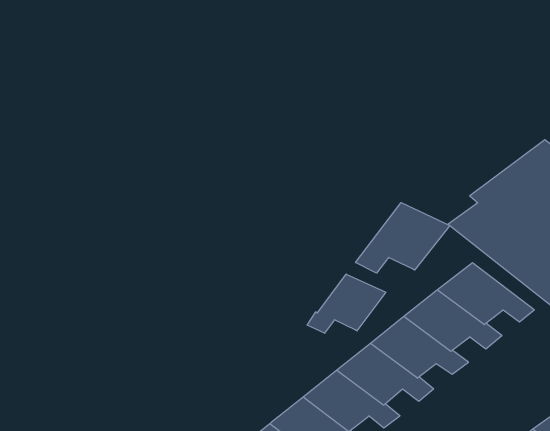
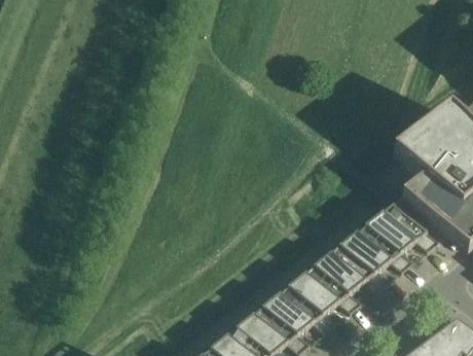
building: [356,203,450,273] -> none
building: [307,274,386,333] -> none

